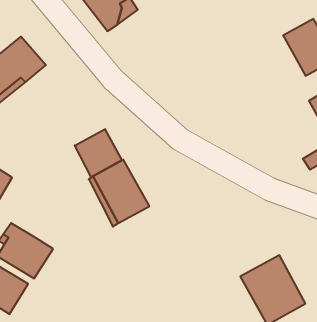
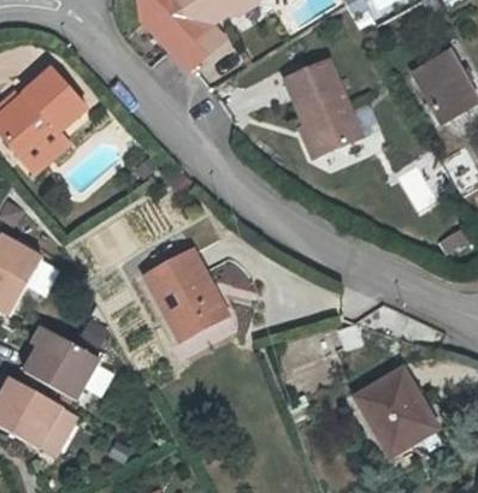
building: none -> [283,57,359,153]
building: [75,129,122,177] -> none

